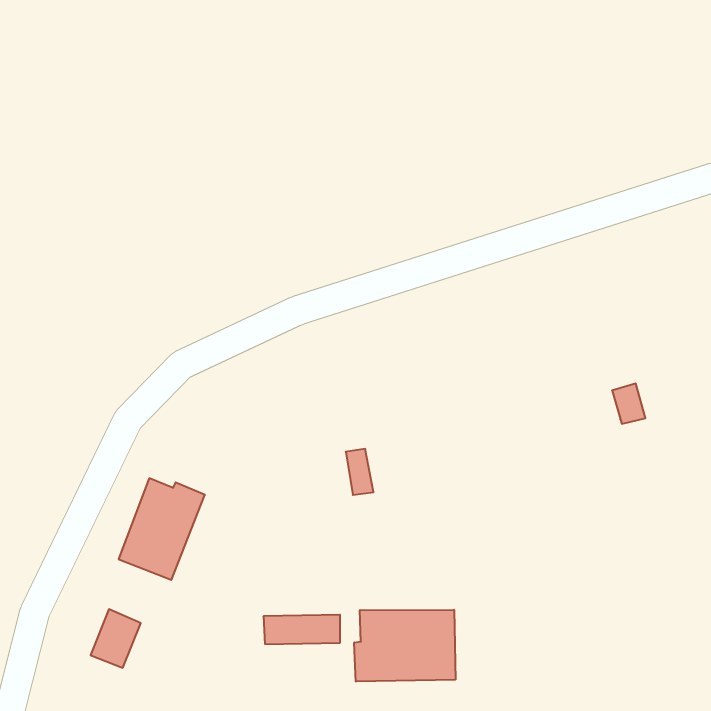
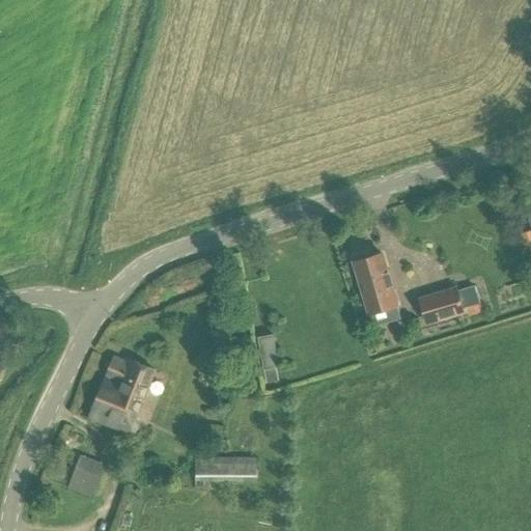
building: none -> [354,253,397,315]
building: none -> [418,287,462,323]
building: [354,610,455,682] -> none

